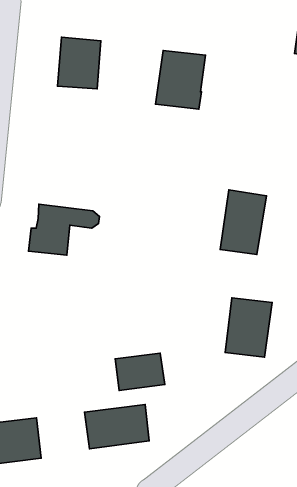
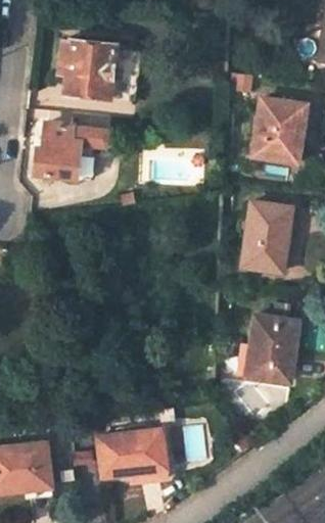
building: [155,50,205,109] -> [252,99,306,161]
building: [28,204,100,255] -> [42,124,118,178]
building: [115,353,165,390] -> none

